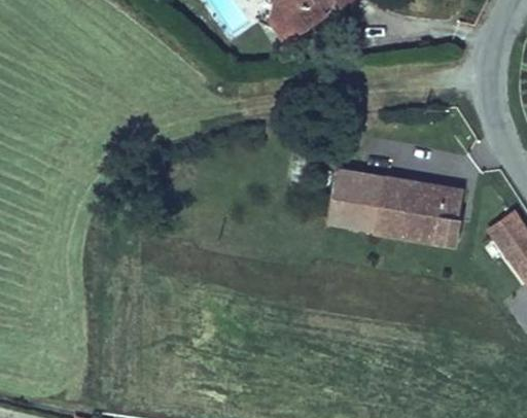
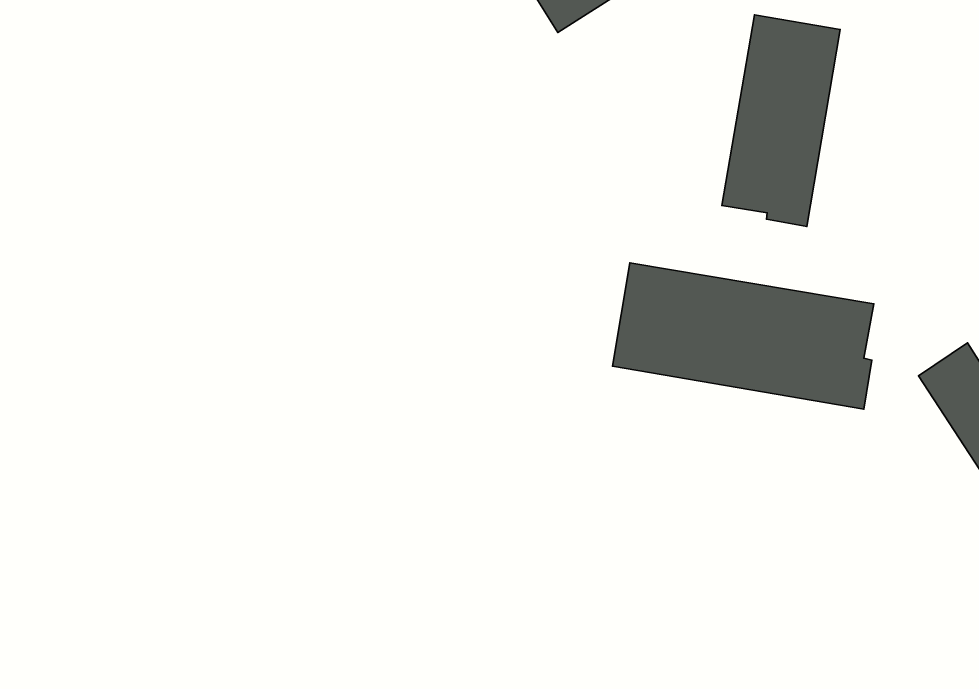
building: none -> [722,15,840,226]

